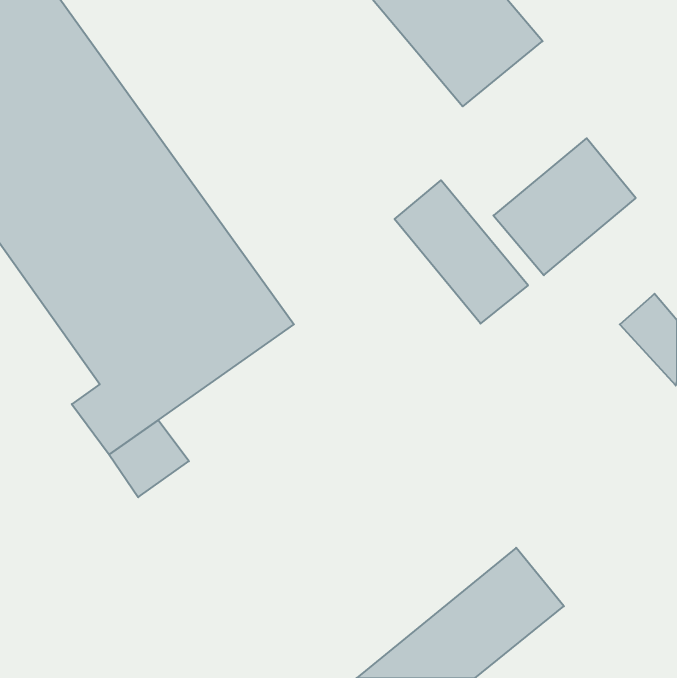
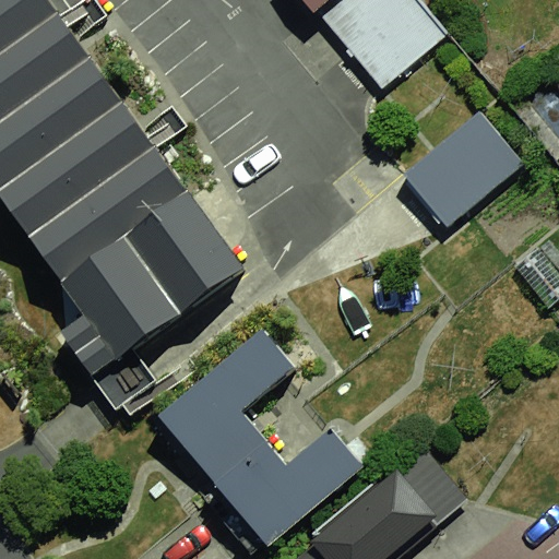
building: [395,180,528,324] -> none
building: none -> [156,329,361,544]

